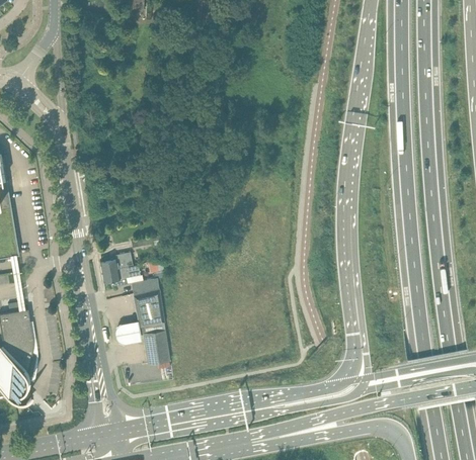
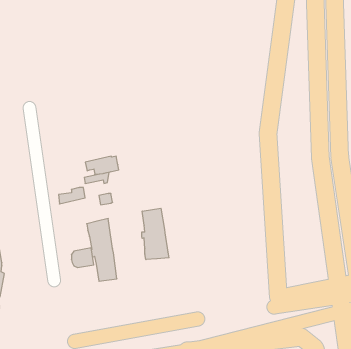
building: [99,262,139,283] -> [85,156,119,174]
building: none -> [142,208,169,260]

